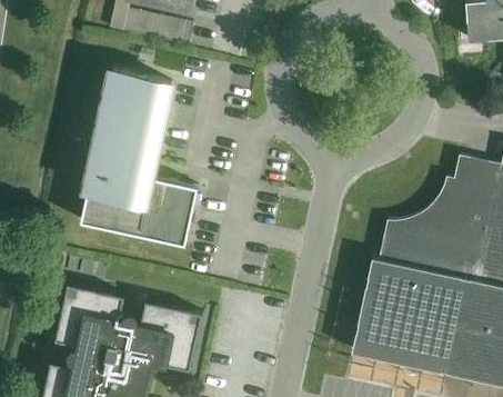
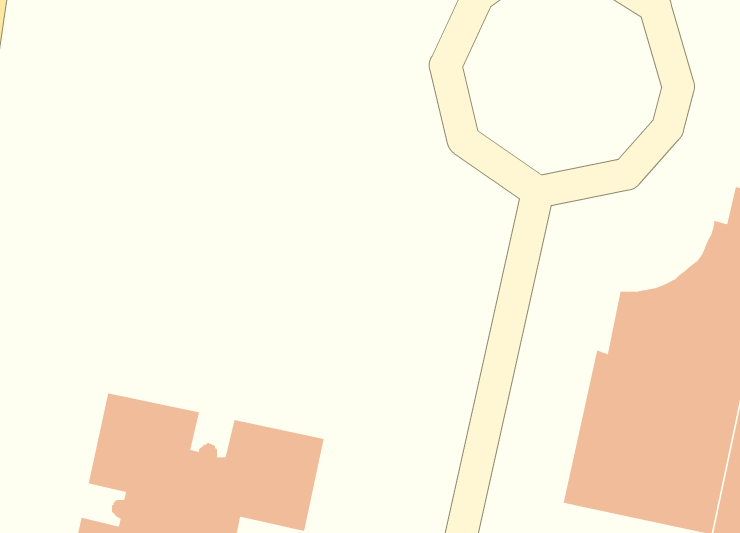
building: [81,71,199,246] -> none

